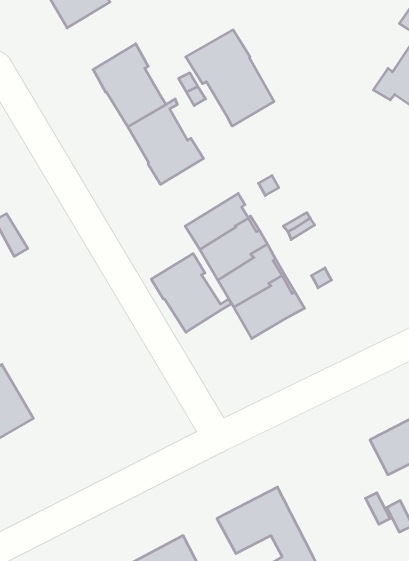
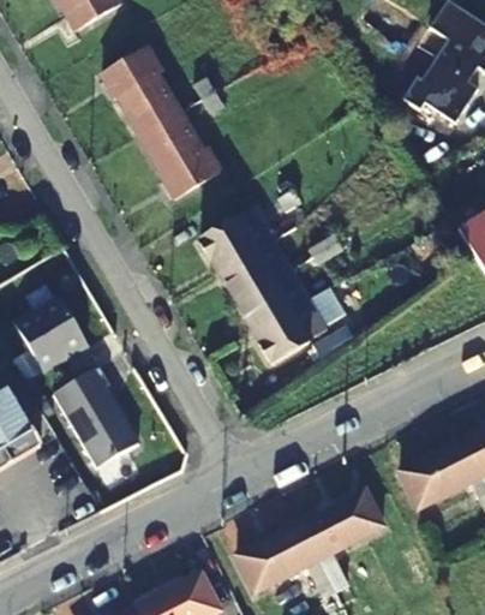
building: [186,30,274,126] -> none
building: [151,254,232,332] -> none
building: none -> [13,297,86,371]
building: none -> [53,366,138,468]
building: none -> [299,488,383,592]

